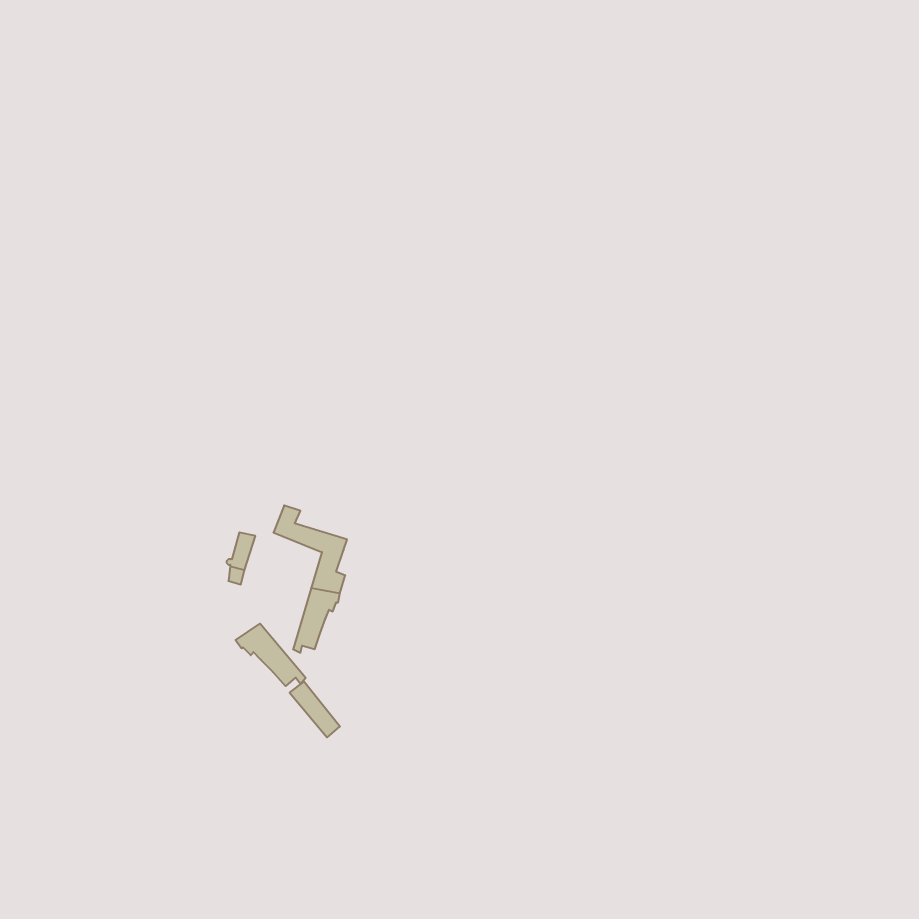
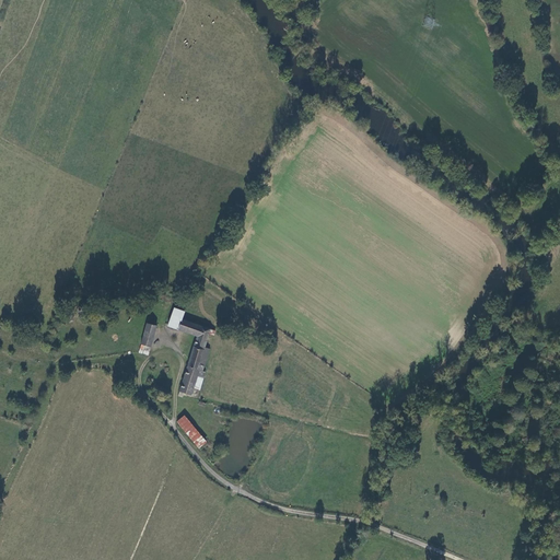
building: [236,624,306,686] -> none

